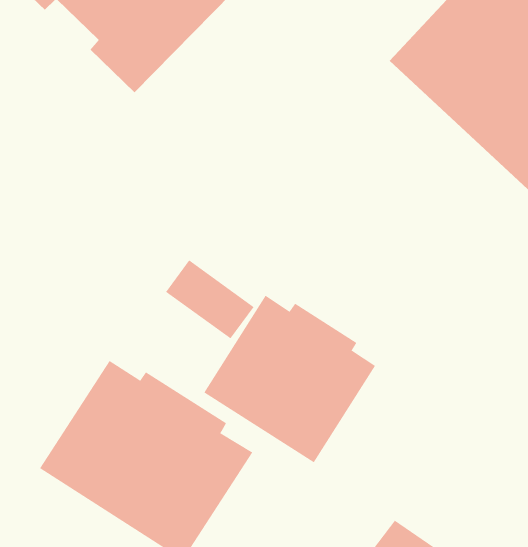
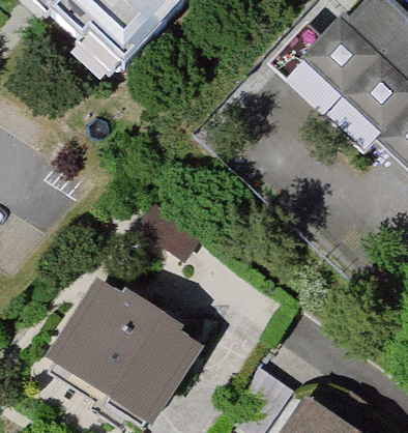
building: [204,295,376,463] -> none

